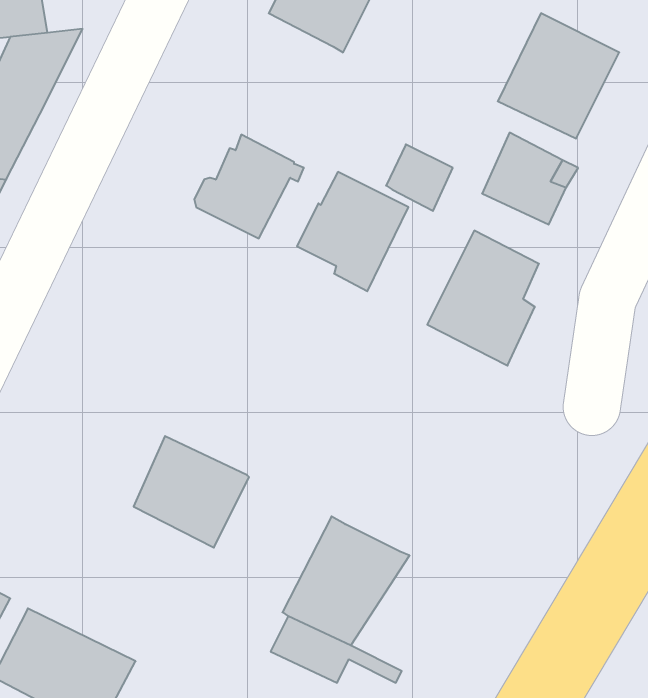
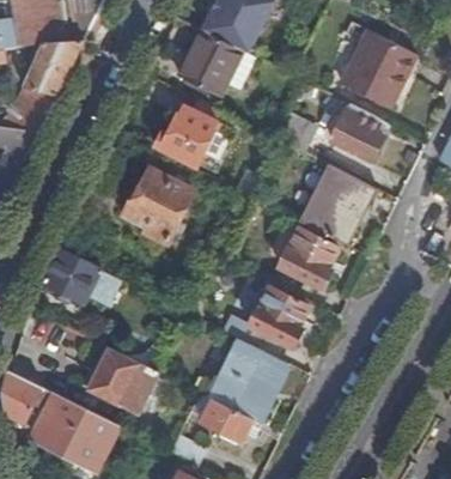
building: none -> [177,30,239,95]
building: [297,172,408,291] -> [123,168,191,241]
building: none -> [278,228,339,289]
building: none -> [42,247,99,302]
building: none -> [246,287,309,359]
building: [134,436,249,548] -> [87,347,158,416]

